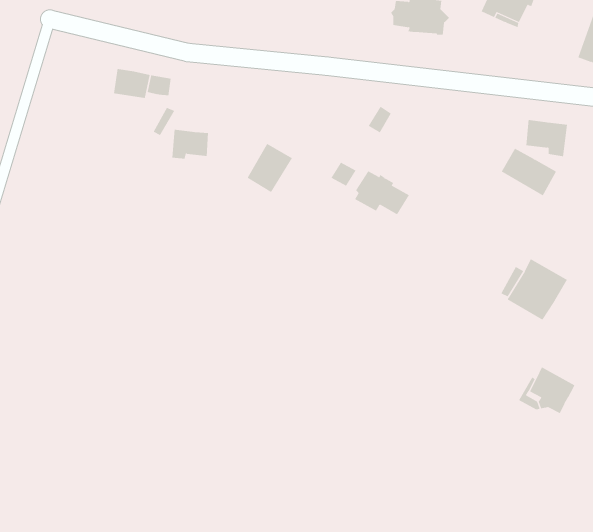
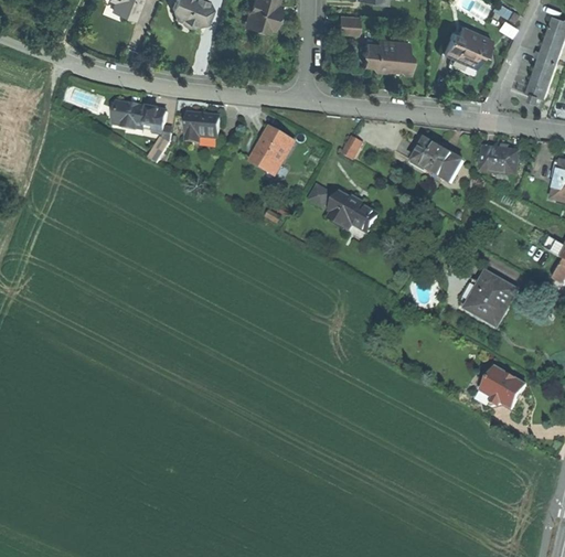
building: [171,129,209,159] -> [186,113,220,139]
building: [247,143,293,193] -> [253,128,294,172]
building: [501,148,557,196] -> [414,139,463,182]

